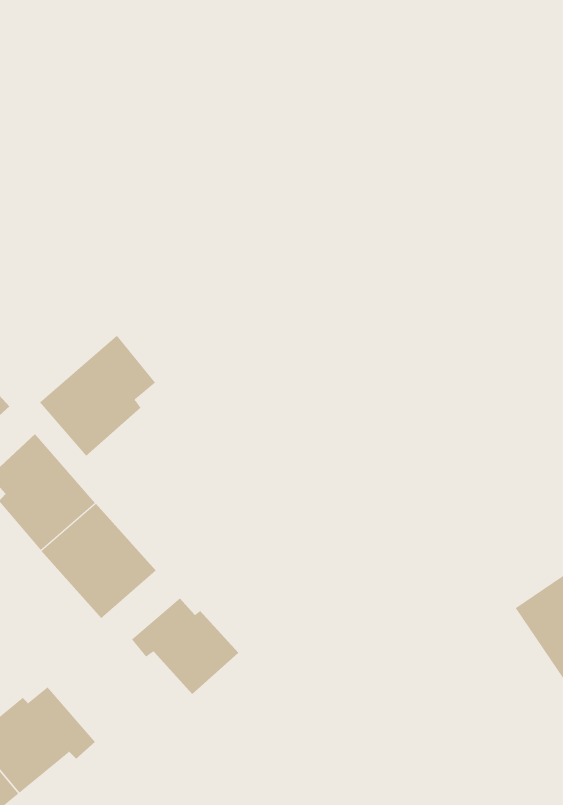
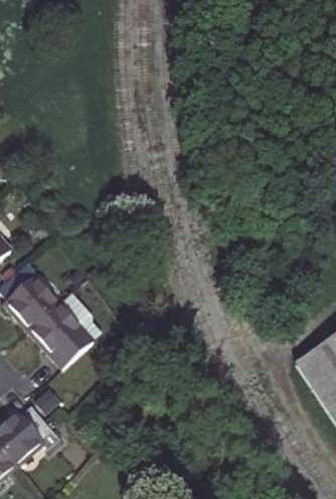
building: [39,335,156,456] -> none
building: [131,598,239,695] -> none

